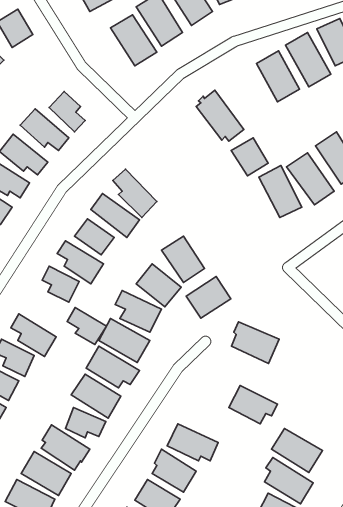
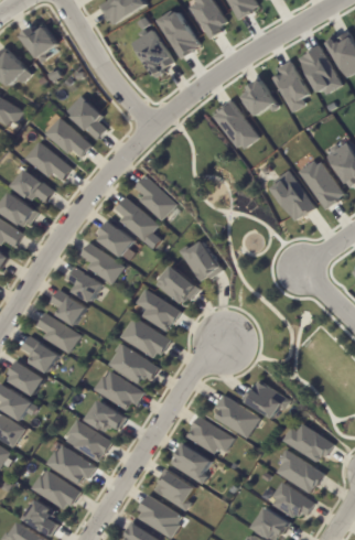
building: [231,138,268,176] -> [240,79,276,116]
building: [186,277,231,318] -> none
building: [67,308,106,345] -> [50,289,87,324]
building: [232,322,279,363] -> [214,397,259,436]

